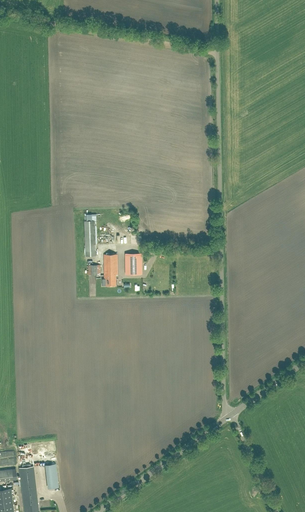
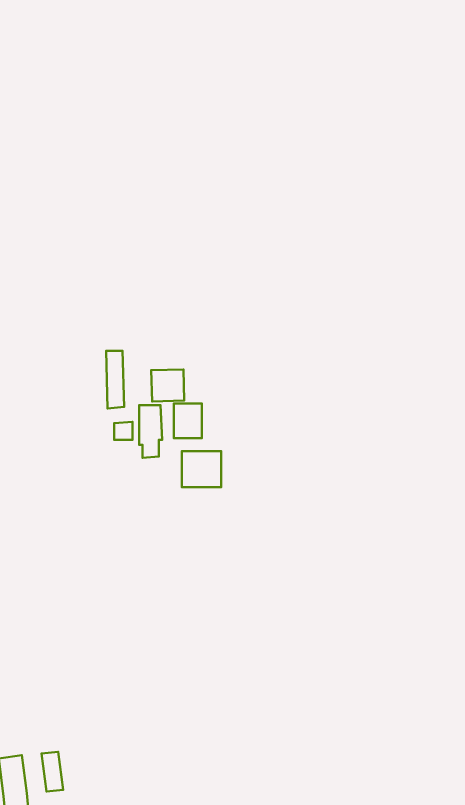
building: none -> [151,369,184,401]
building: none -> [182,451,221,487]

